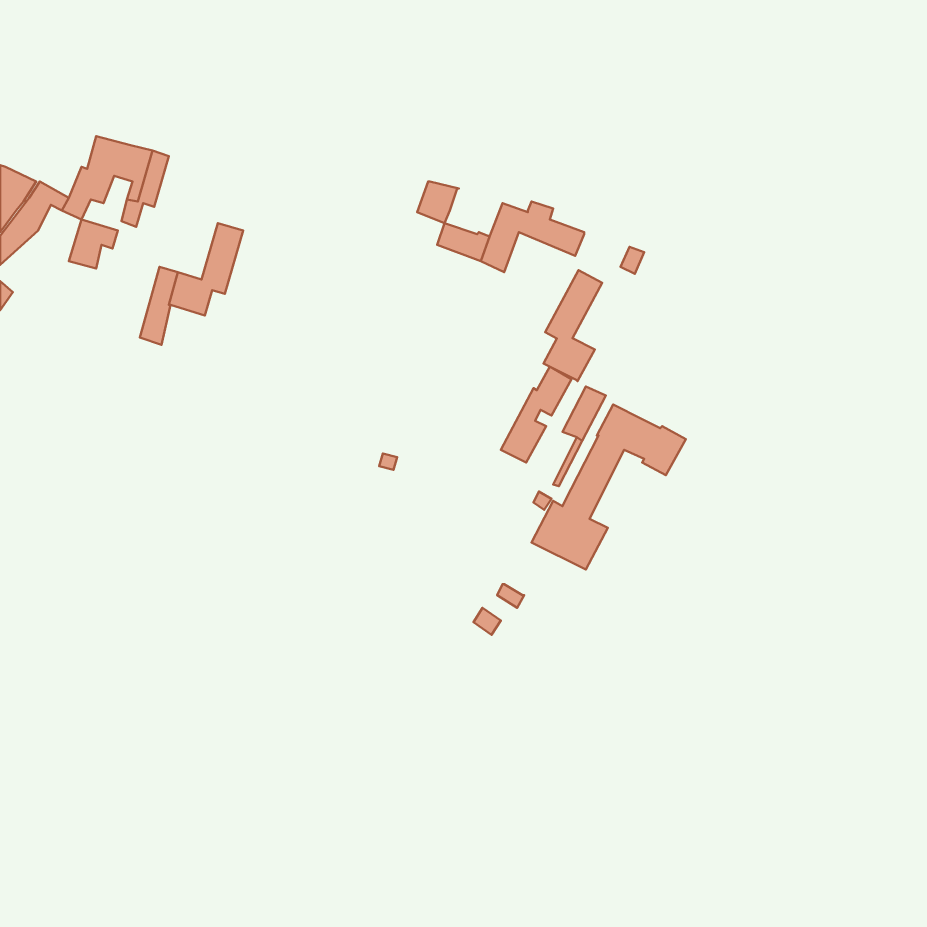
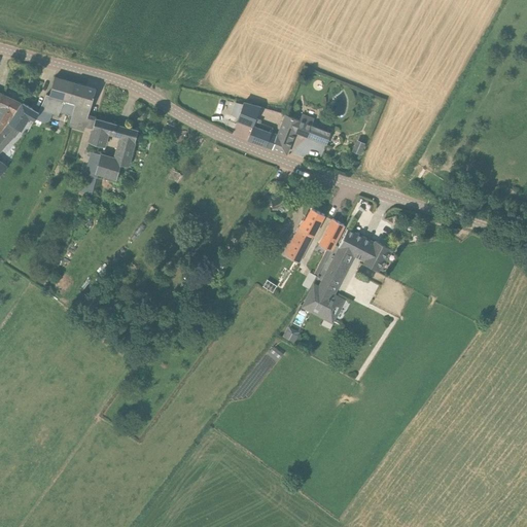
building: [69,220,118,268] -> [89,118,116,146]
building: [544,270,602,381] -> none

